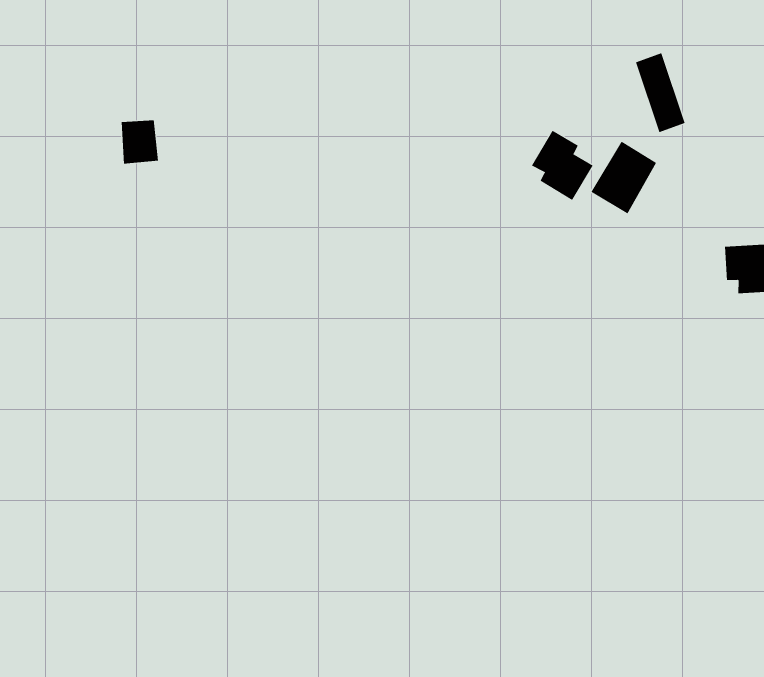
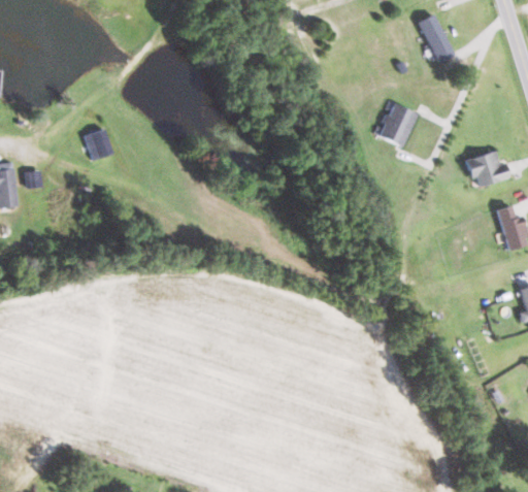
building: [635,53,685,133] -> [418,13,454,63]
building: [531,130,594,201] -> none

